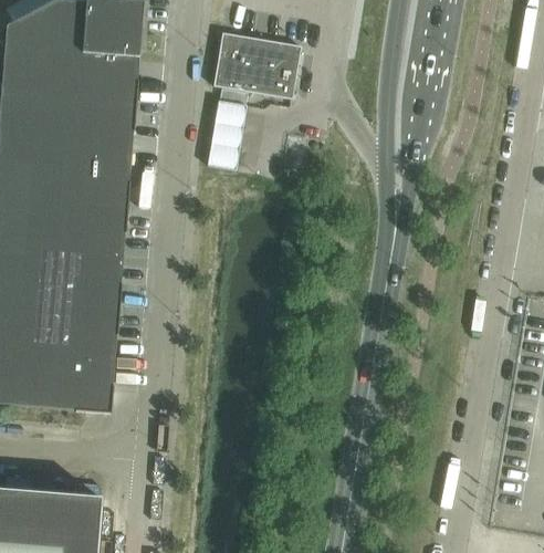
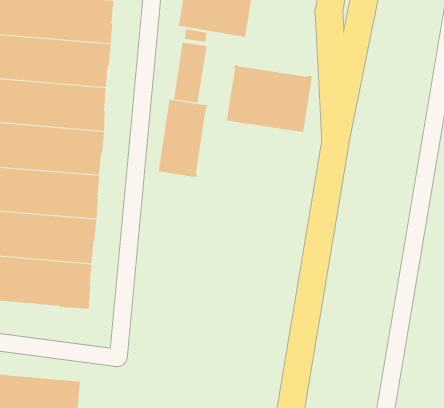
building: none -> [226,64,312,133]
building: none -> [158,99,208,178]

